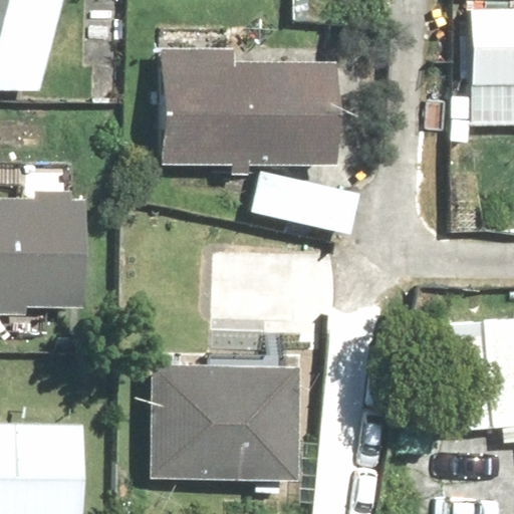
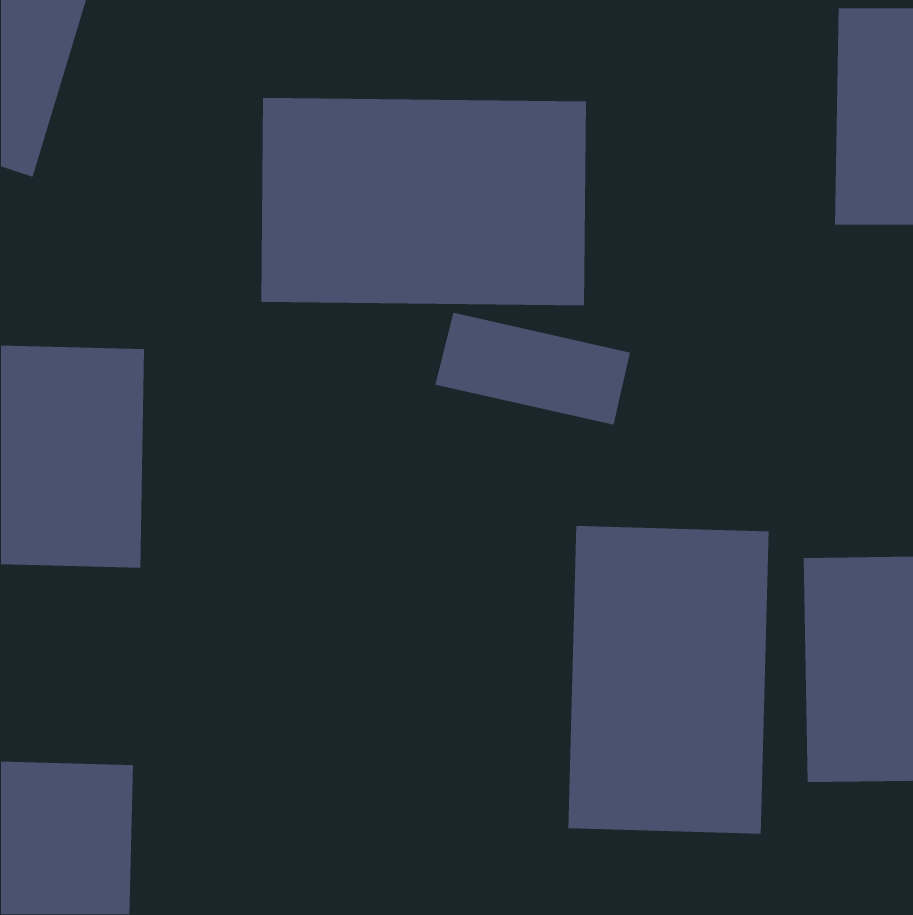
building: none -> [568,525,769,834]
building: [141,366,299,484] -> none

